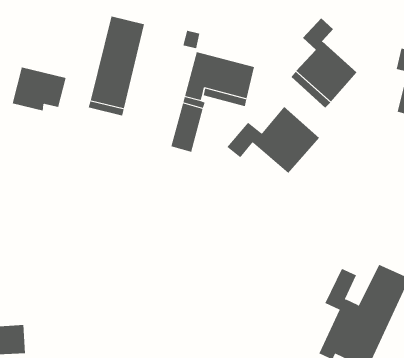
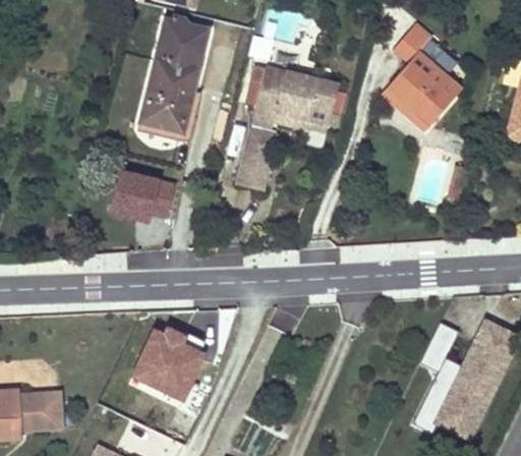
building: [12,67,66,111] -> [112,169,177,222]
building: [227,106,320,174] -> none
building: none -> [132,325,209,404]

